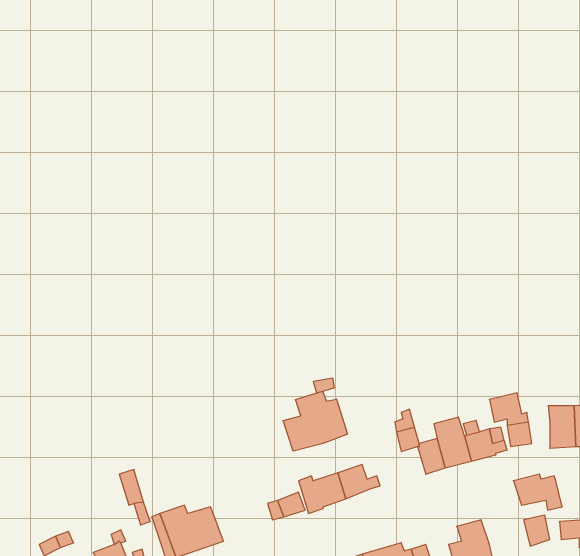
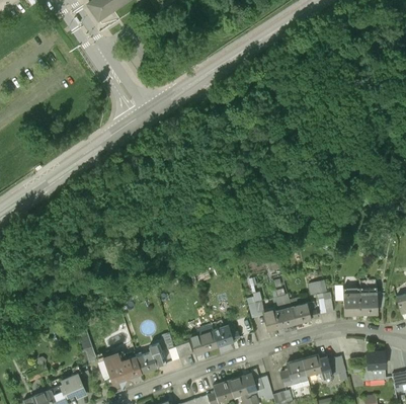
building: [283,391,347,451] -> none
building: [513,474,562,510] -> [302,355,332,378]
building: none -> [136,343,164,373]

